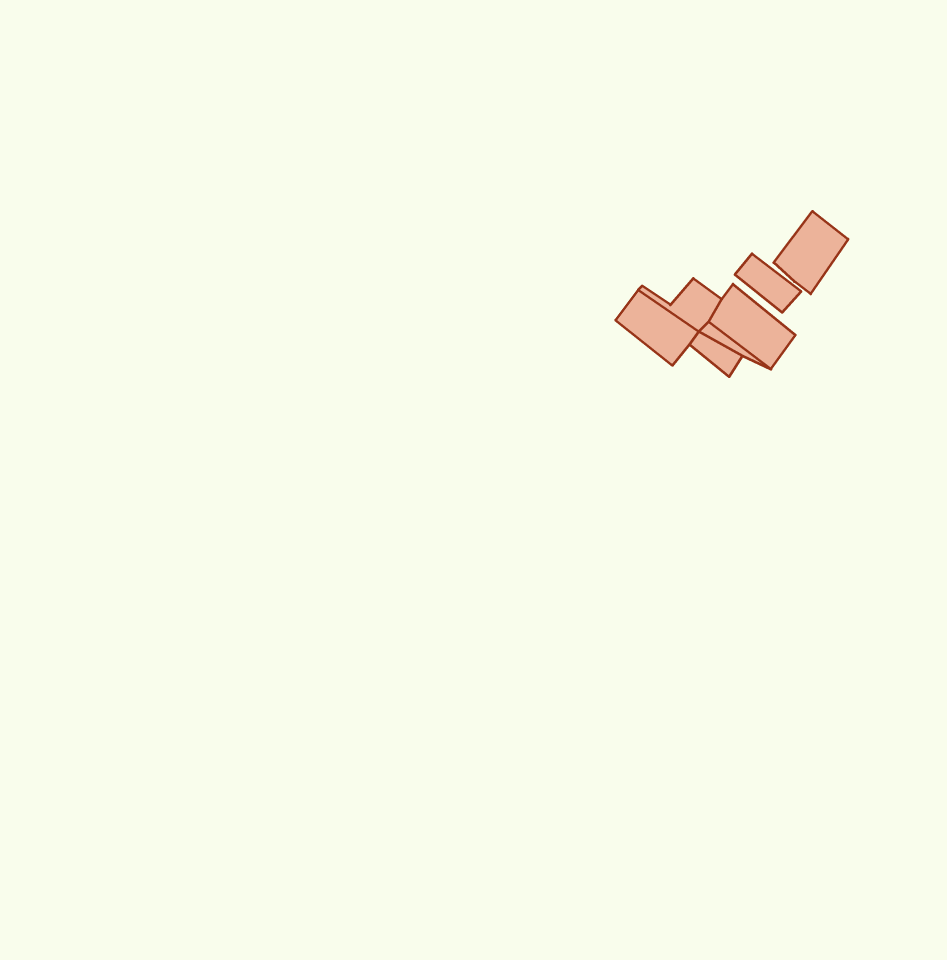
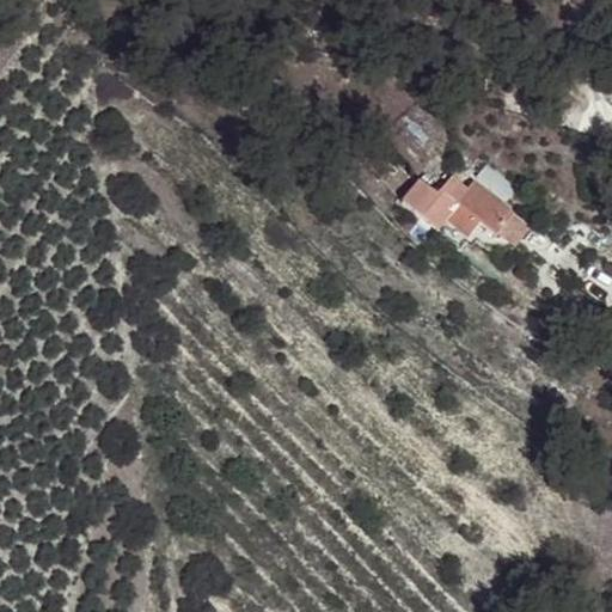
building: [774,211,848,294] -> none

